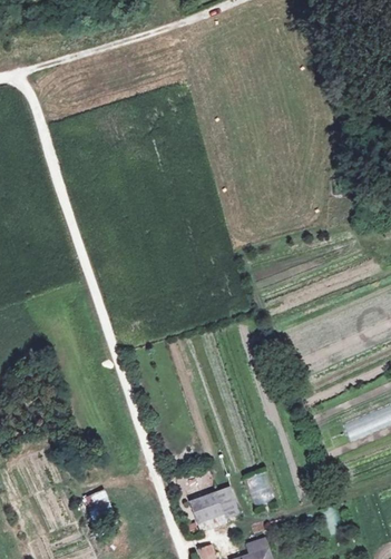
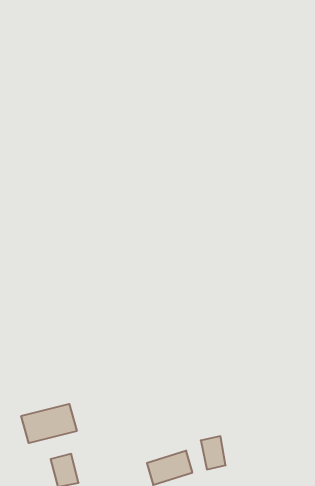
building: none -> [21,404,77,443]

